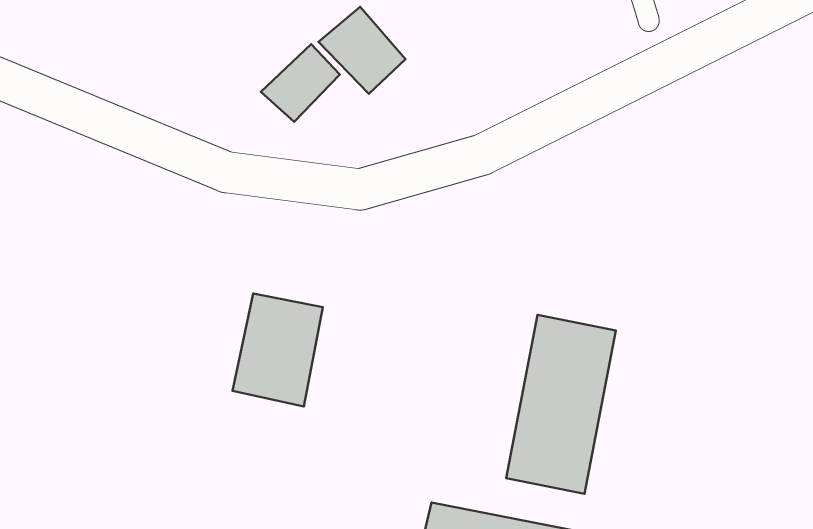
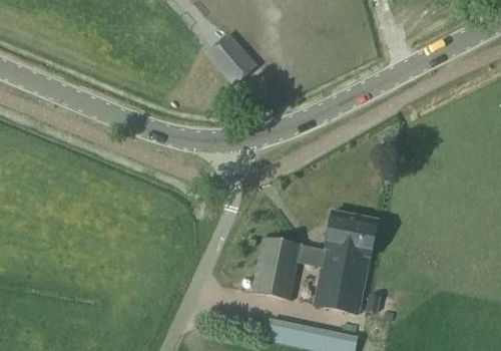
building: [261,44,340,122] -> none
building: [232,293,323,406] -> [250,236,303,301]

